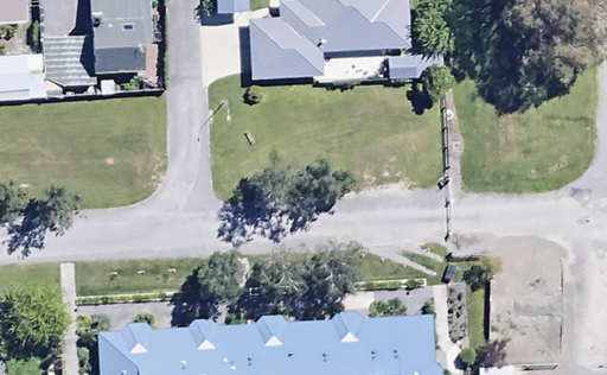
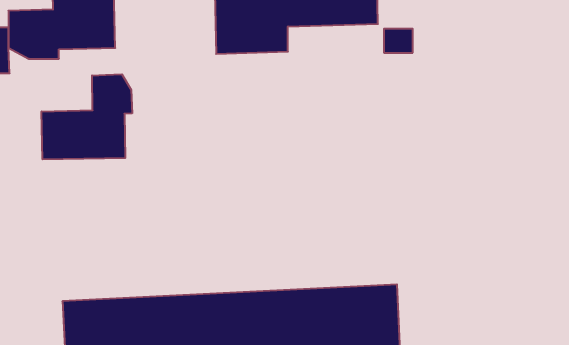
building: none -> [42,74,132,159]

